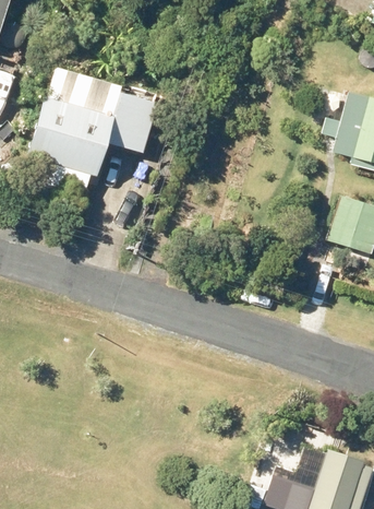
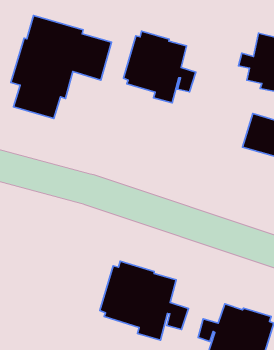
building: none -> [123,31,196,103]
building: none -> [100,261,189,340]

